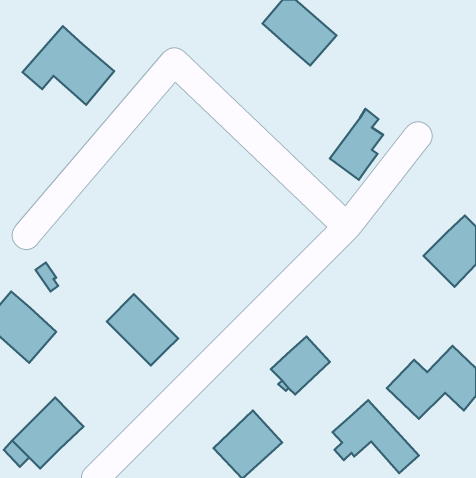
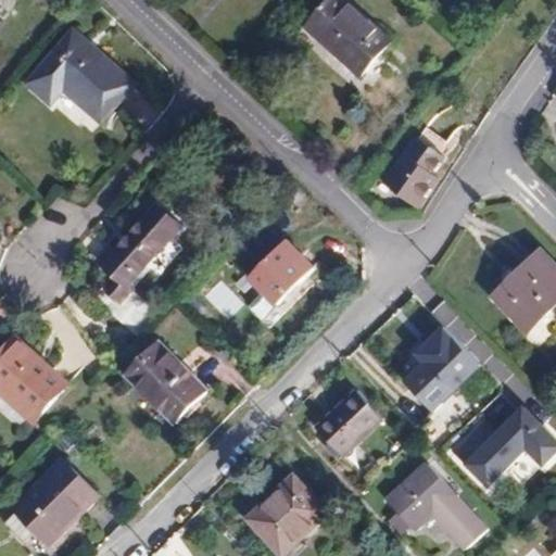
building: none -> [96,204,179,302]
building: none -> [249,240,314,305]
building: none -> [394,324,483,412]

